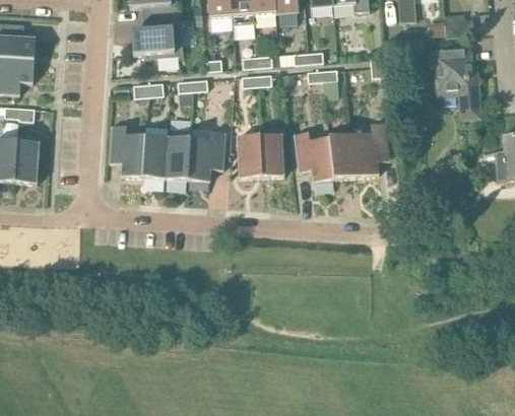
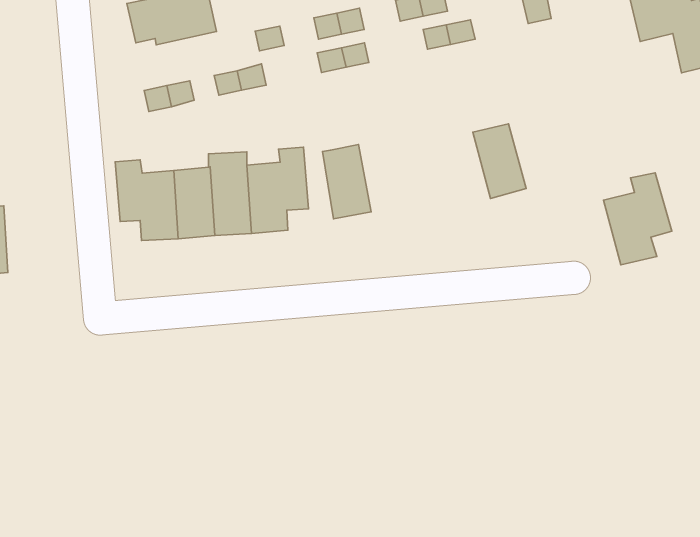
building: [351,123,390,176] -> [603,173,672,265]
building: [294,132,334,182] -> none
building: [259,134,283,177] -> none

